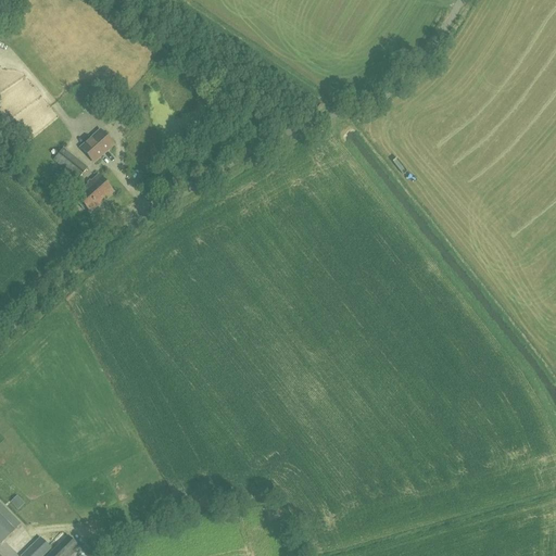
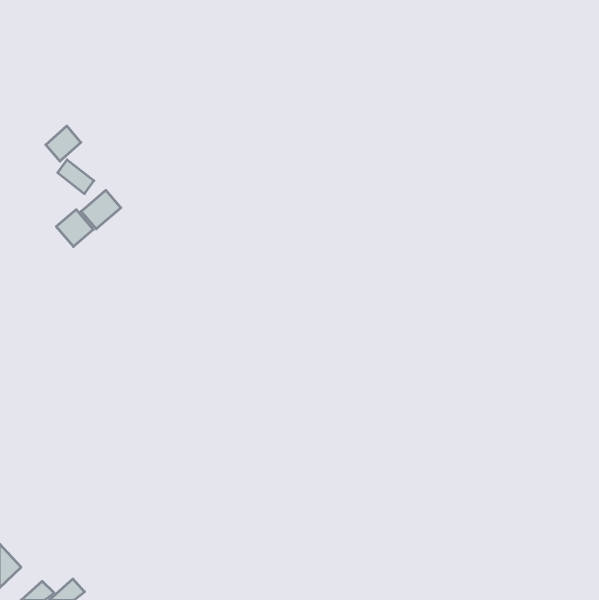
building: [79,130,112,163] -> [46,126,81,161]
building: none -> [56,210,93,247]

